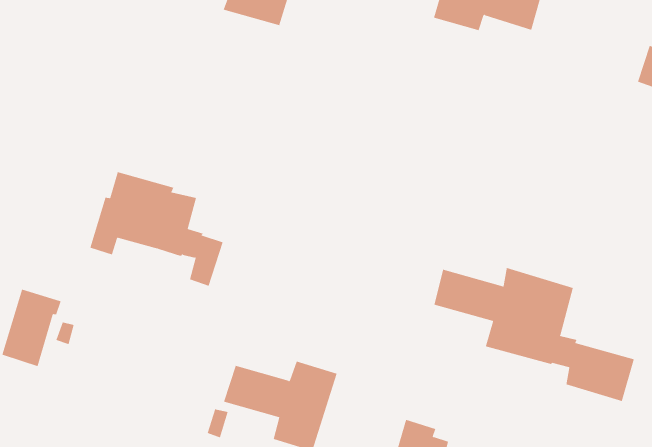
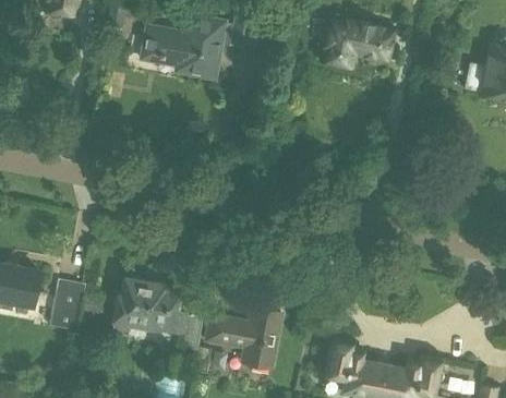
building: [90,172,224,287] -> [111,277,203,349]
building: [434,267,635,402] -> none

